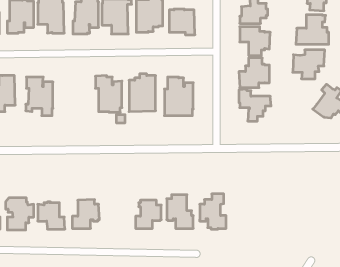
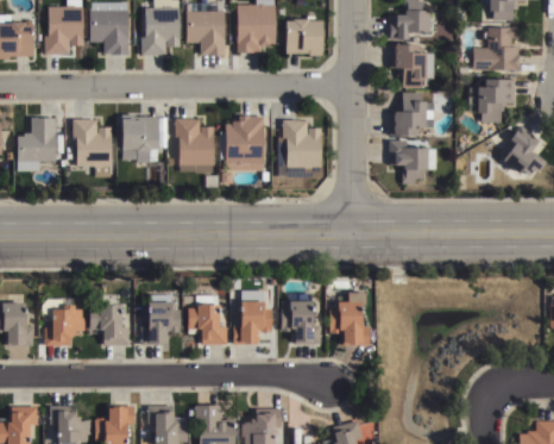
building: none -> [122,115,159,162]
building: none -> [188,305,227,344]

